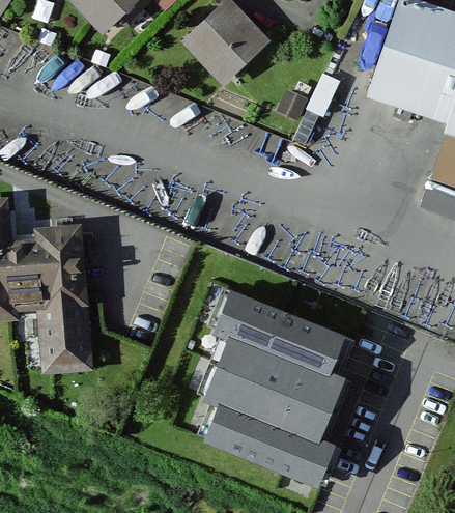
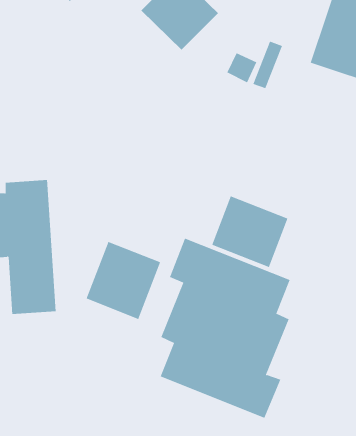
building: none -> [212,195,288,268]
building: none -> [86,241,161,320]

